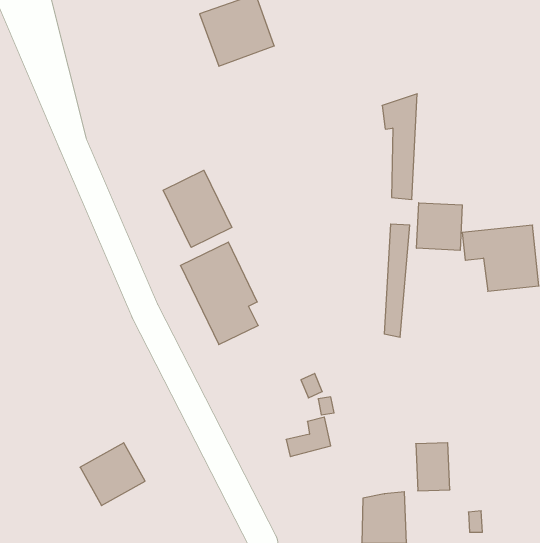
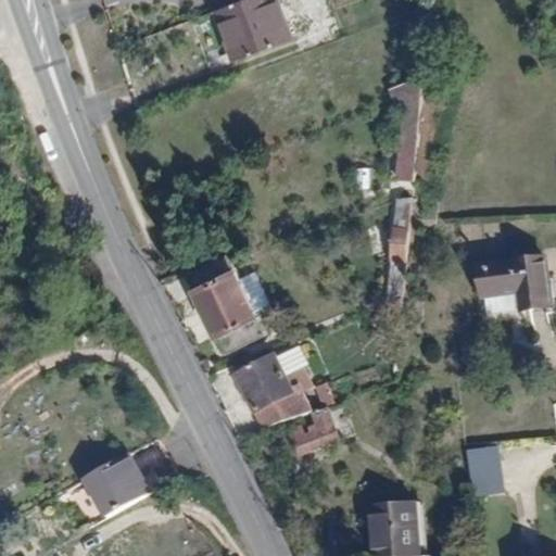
building: [163,170,232,247] -> none
building: [417,203,462,250] -> none
building: none -> [230,350,303,422]
building: [416,443,450,491] -> [463,445,497,494]

